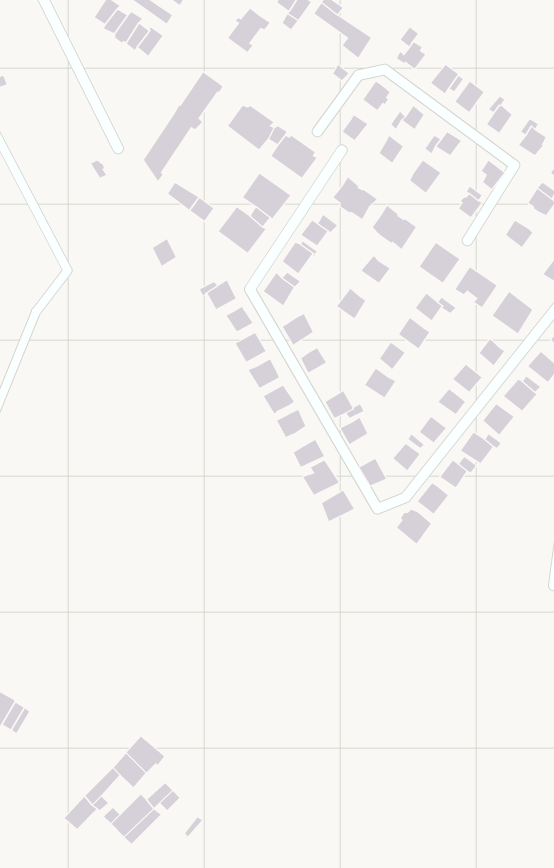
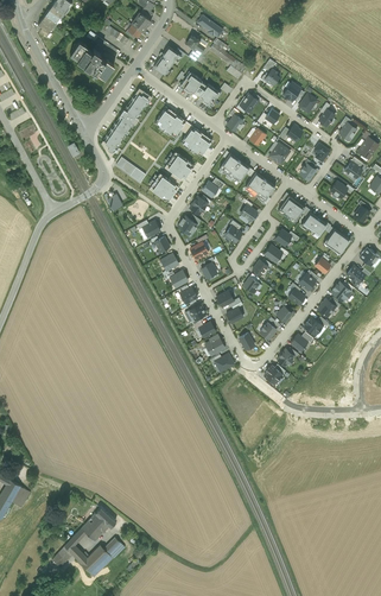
building: none -> [179,72,220,107]

